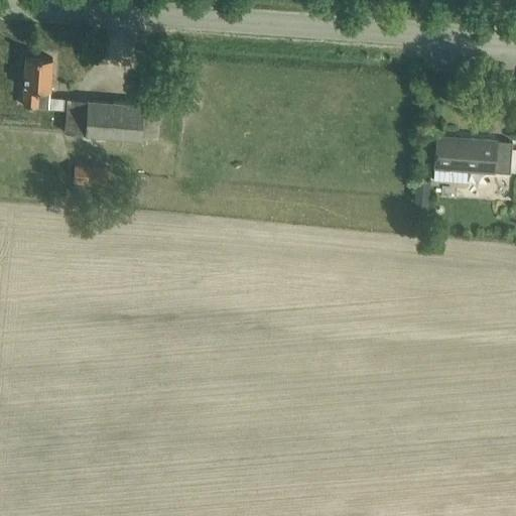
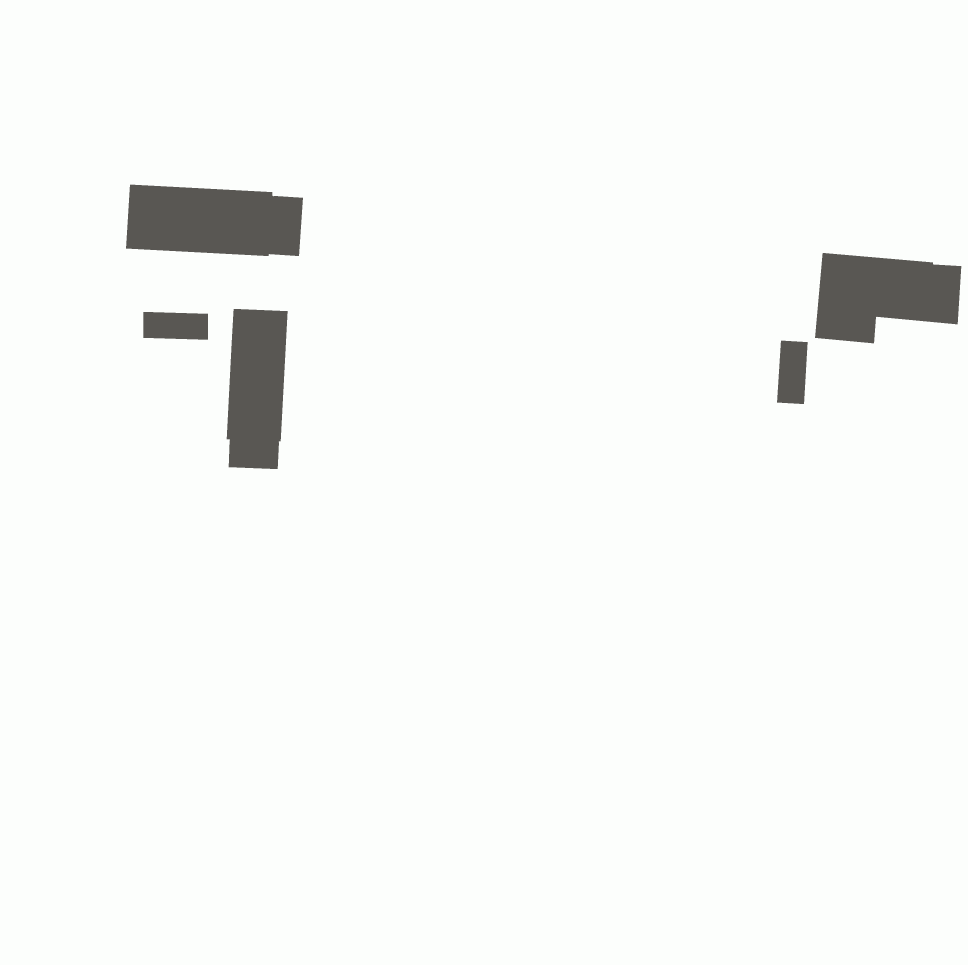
building: [22,56,52,109] -> none
building: none -> [226,308,288,470]

